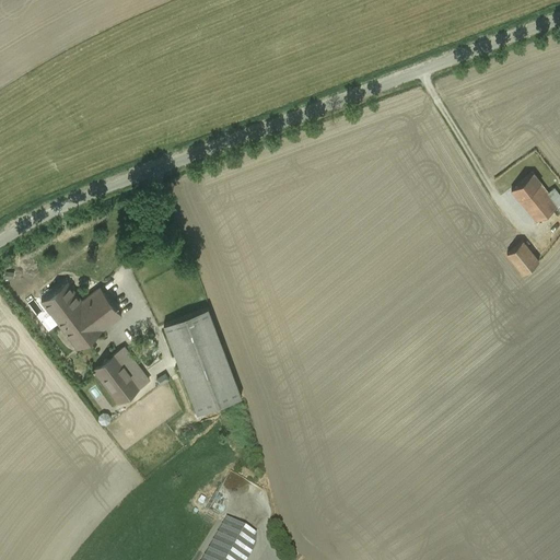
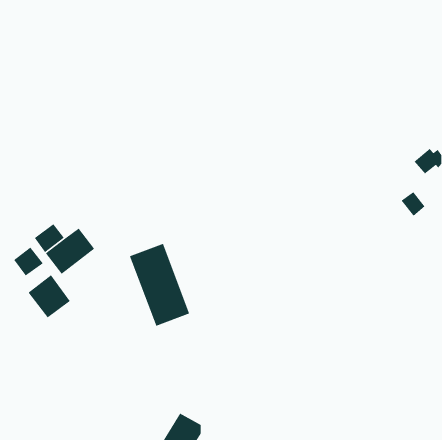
building: [511,175,544,207] -> none
building: none -> [13,246,44,276]
building: [93,349,148,405] -> [28,274,71,318]

